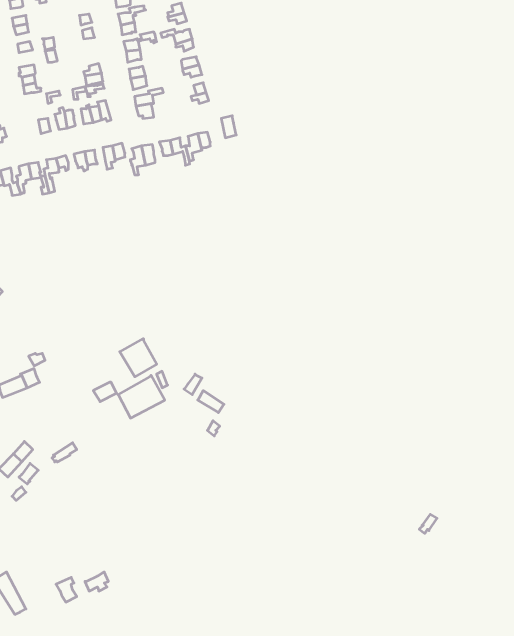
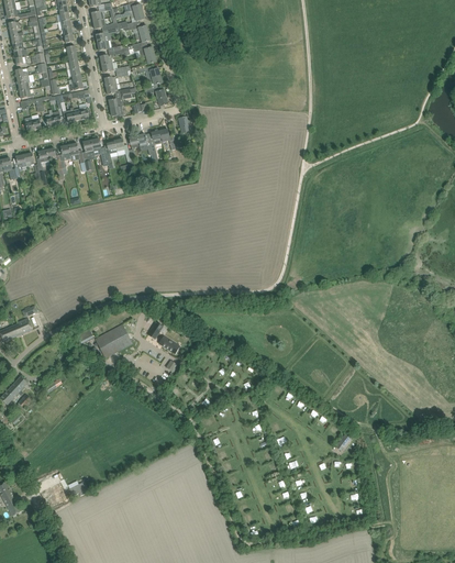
building: [120,339,157,377] -> none

